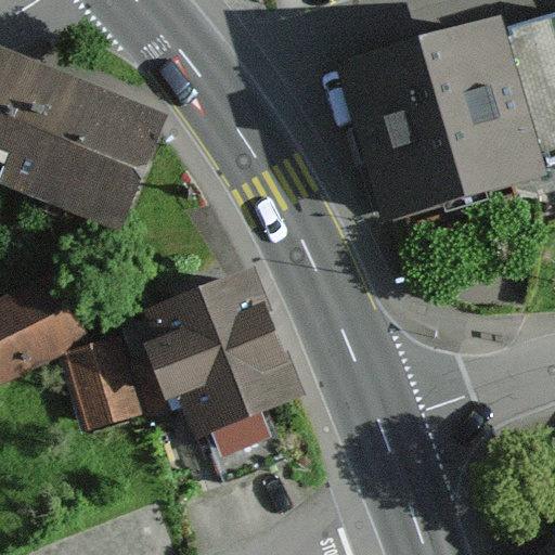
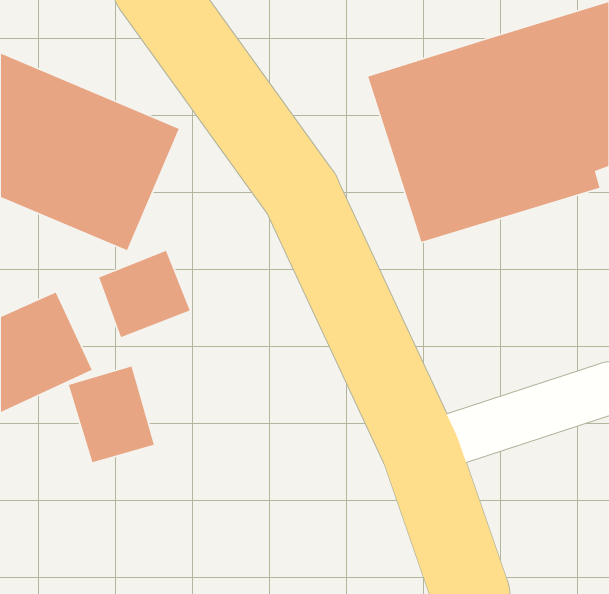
building: none -> [98,250,191,338]
building: [125,272,298,475] -> none

